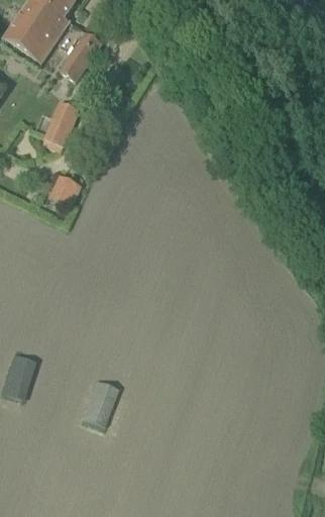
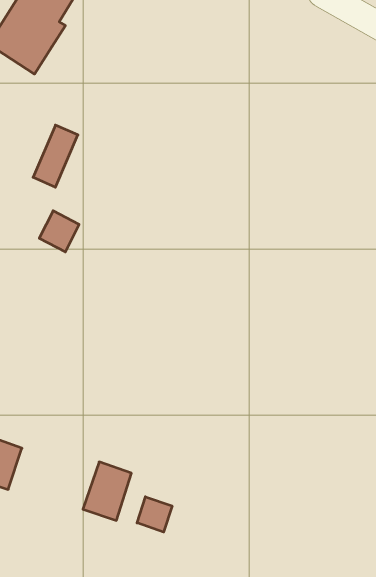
building: [59,32,101,82] -> none
building: none -> [137,497,172,532]

